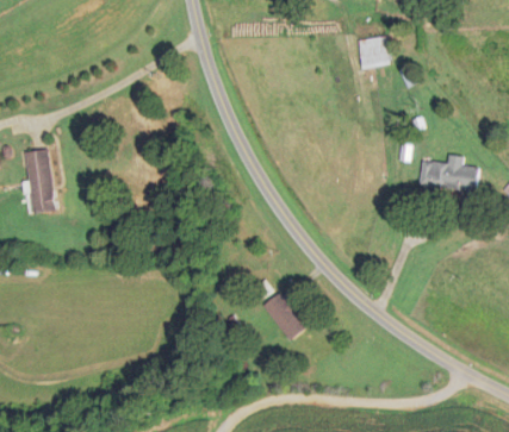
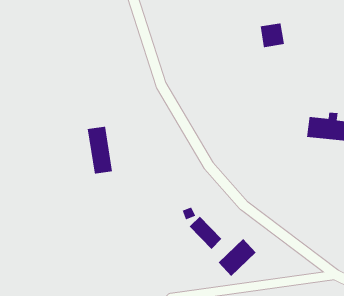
building: [23,149,57,213] -> [87,126,113,174]
building: none -> [218,238,256,277]

